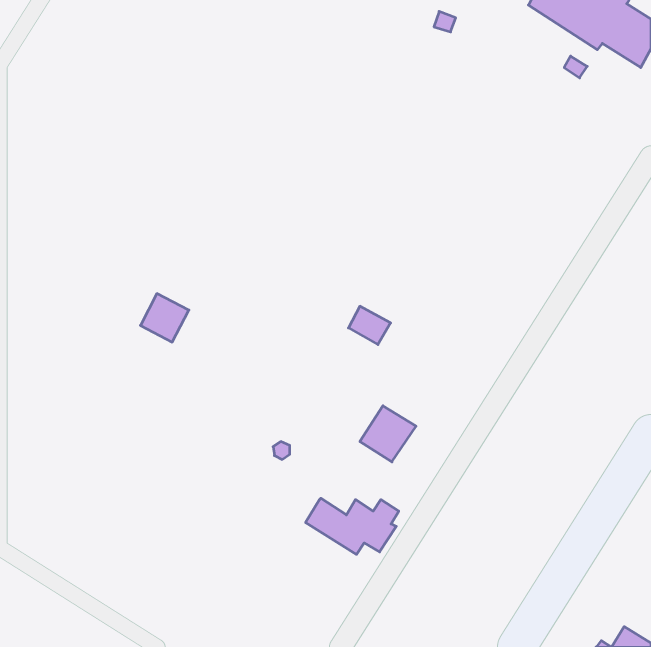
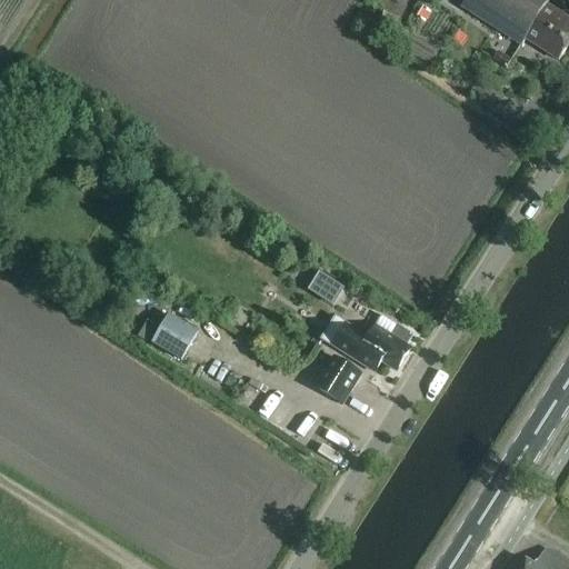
building: [140,294,189,342] -> [152,315,194,357]
building: [306,498,399,554] -> [331,321,412,370]

